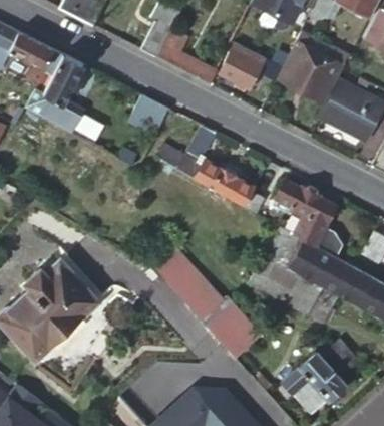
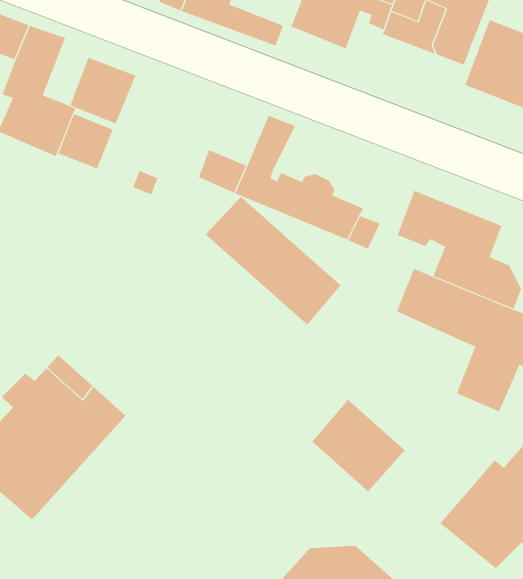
building: [127,95,169,138] -> [70,57,136,124]
building: [150,243,230,326] -> [205,196,341,326]
building: [251,252,311,305] -> none

